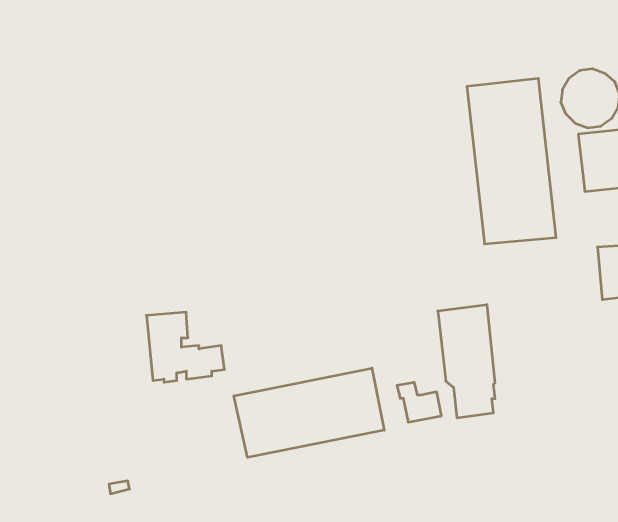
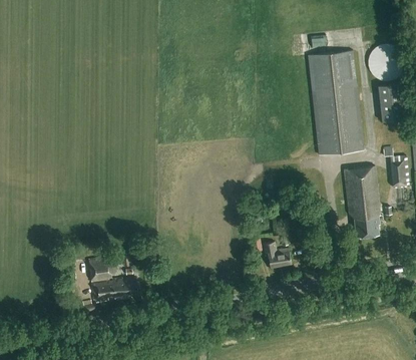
building: [438,305,495,418] -> [343,165,379,237]
building: [146,312,224,382] -> [88,257,137,301]
building: [234,368,384,457] -> none

